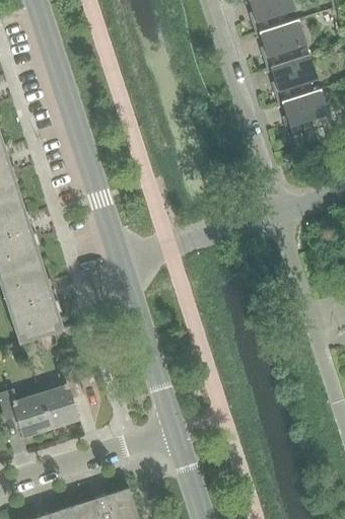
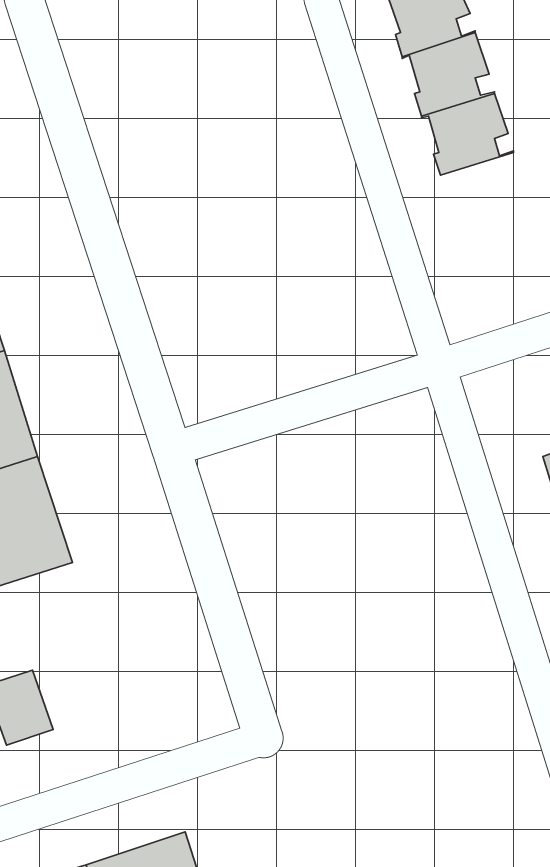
building: [278,90,329,151] -> none
building: [40,369,83,427] -> none

